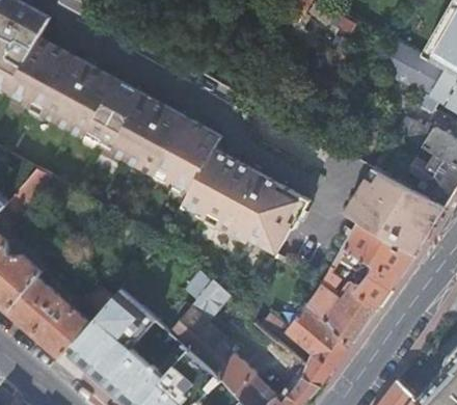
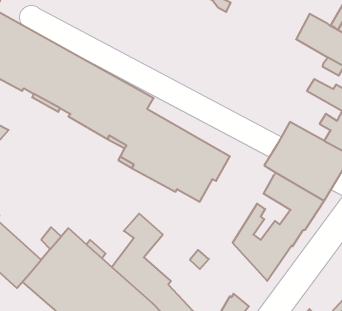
building: [286,302,349,376] -> none

